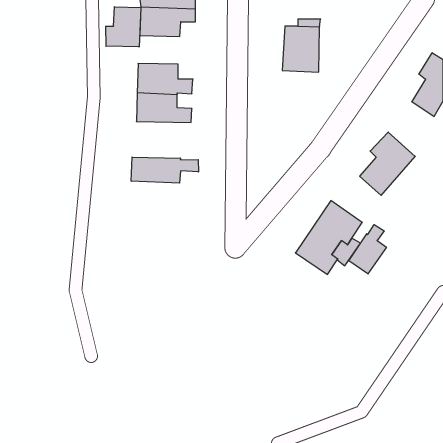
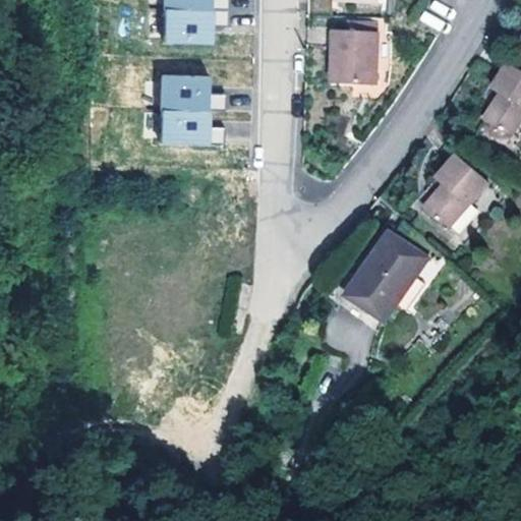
building: [106,7,141,47] -> none
building: [131,157,198,183] -> none
building: [349,225,386,274] -> none

